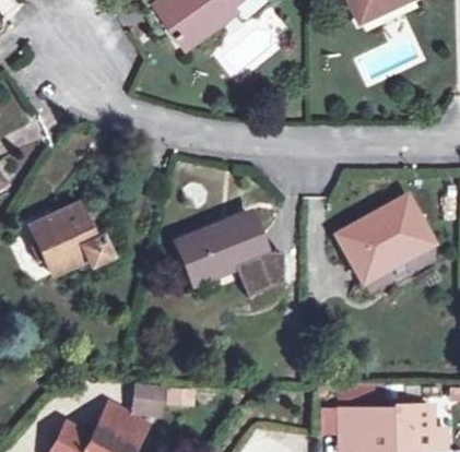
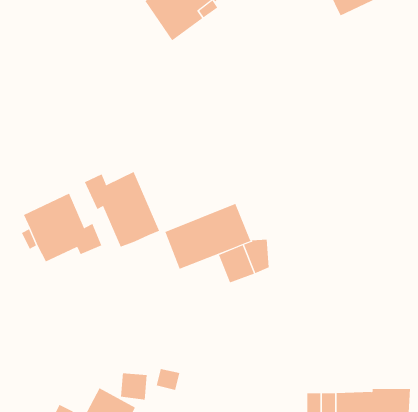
building: none -> [84,171,160,248]
building: [338,197,433,281] -> none

